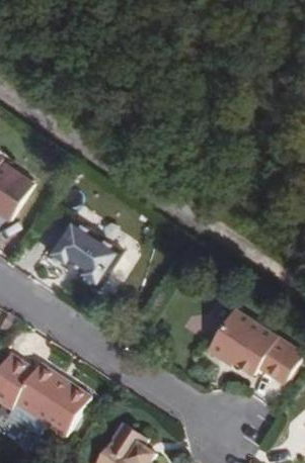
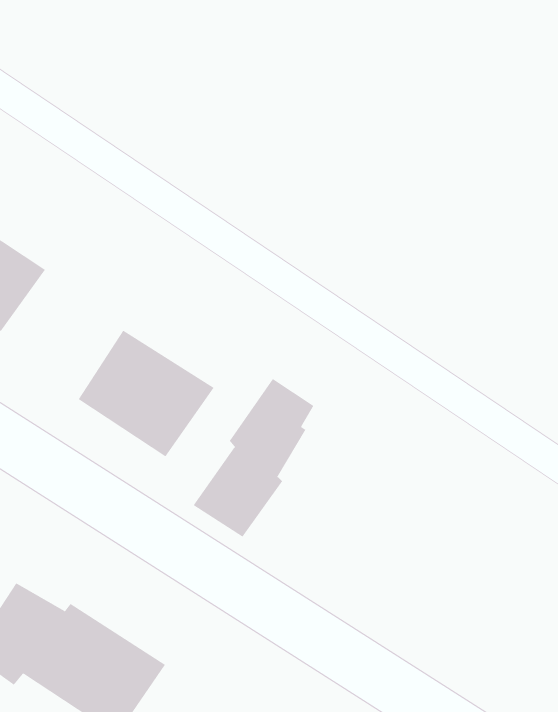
building: none -> [193,378,314,537]
building: [199,306,296,380] -> none

